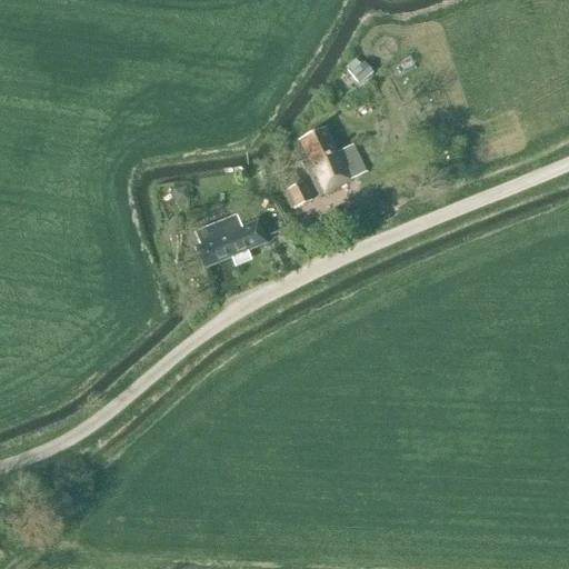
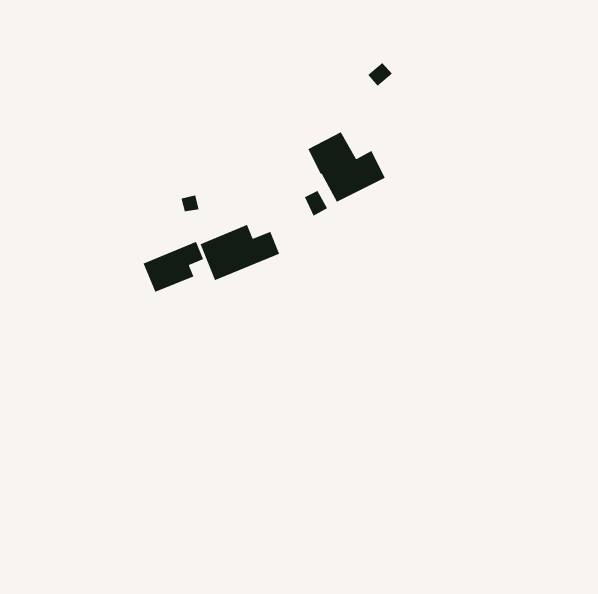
building: none -> [143,241,204,293]

